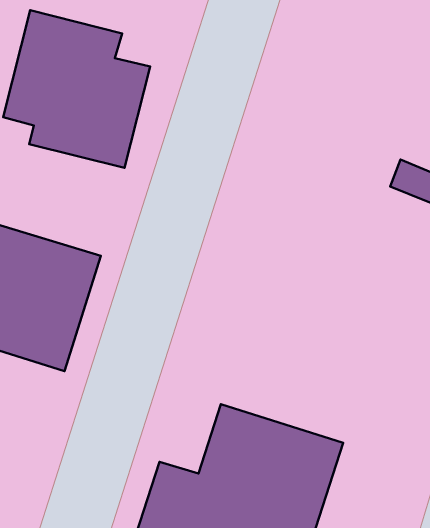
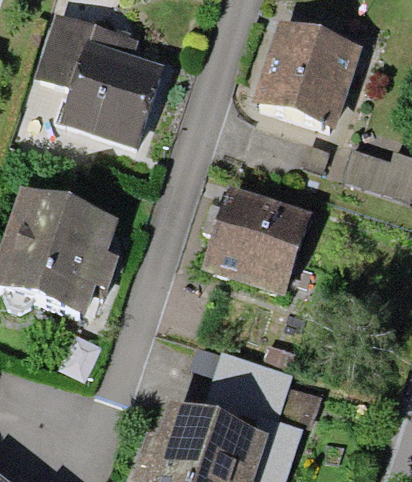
building: none -> [254,25,360,131]
building: none -> [194,193,308,298]

